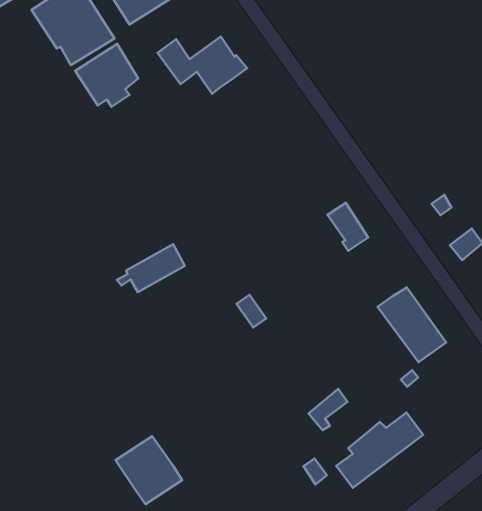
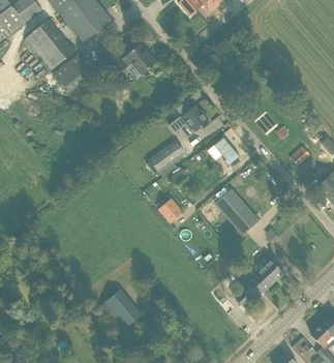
building: none -> [170,104,209,132]
building: [117,244,185,292] -> [145,140,185,171]
building: [378,287,446,362] -> [215,189,259,234]

